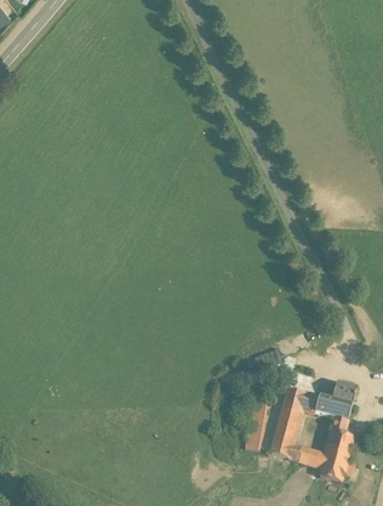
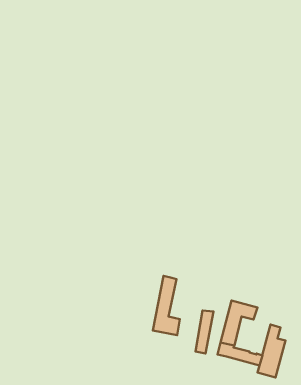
building: none -> [153,276,180,335]
building: [316,381,359,420] -> none

